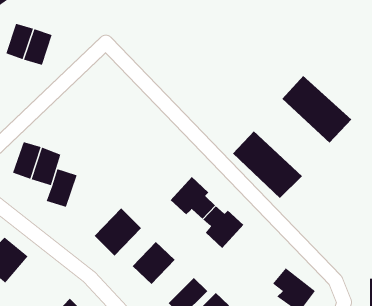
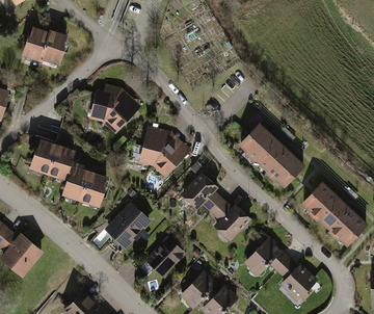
building: [281,75,352,143] -> [299,183,367,248]
building: none -> [91,87,142,137]
building: none -> [141,130,192,181]
building: none -> [81,172,110,209]
building: none -> [247,242,290,281]

